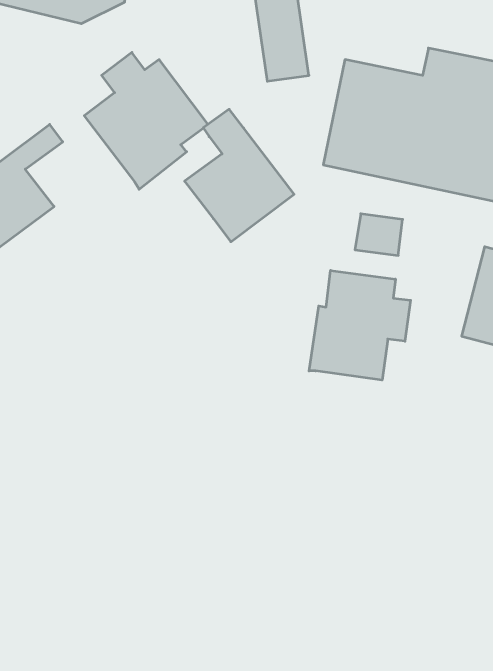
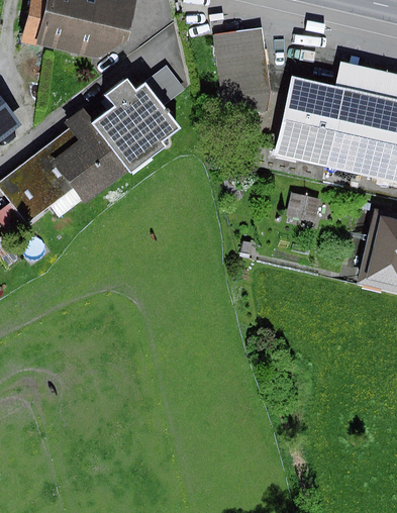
building: [185,109,294,242] -> [57,107,133,200]
building: [309,270,411,380] -> none

